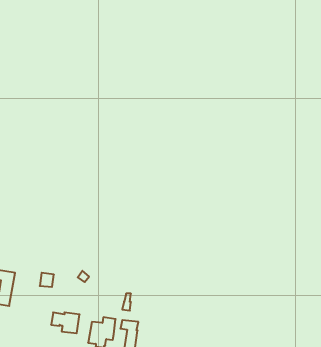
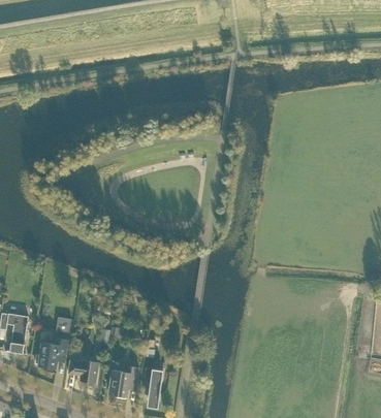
building: none -> [34,339,67,369]

